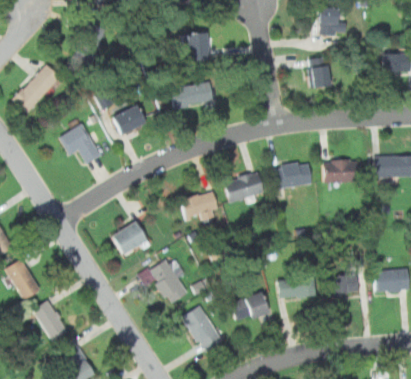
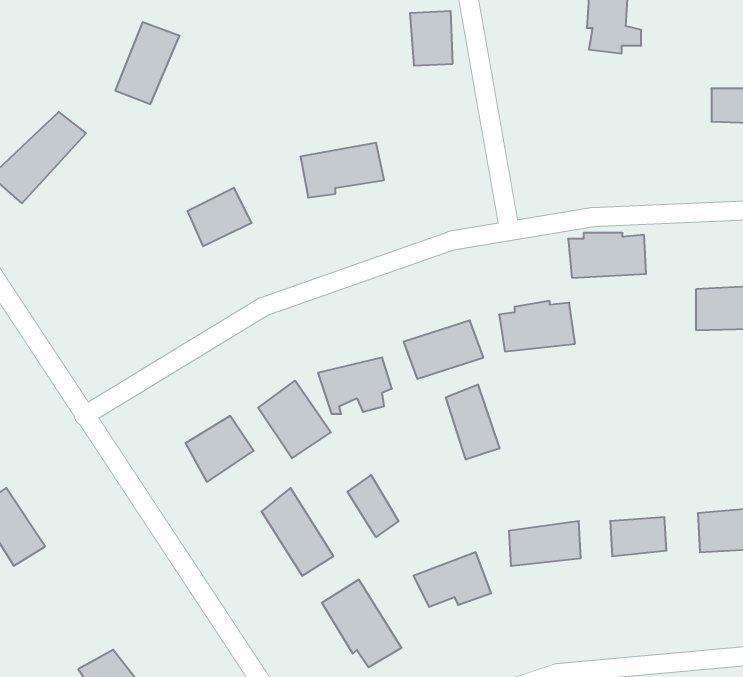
building: [187,33,209,61] -> [410,11,453,66]
building: [308,57,330,88] -> none
building: [60,124,102,164] -> none
building: [323,160,363,183] -> [568,233,646,278]
building: none -> [258,381,331,458]
building: none -> [446,385,499,460]
building: none -> [347,475,398,537]
building: [33,300,67,341] -> none

